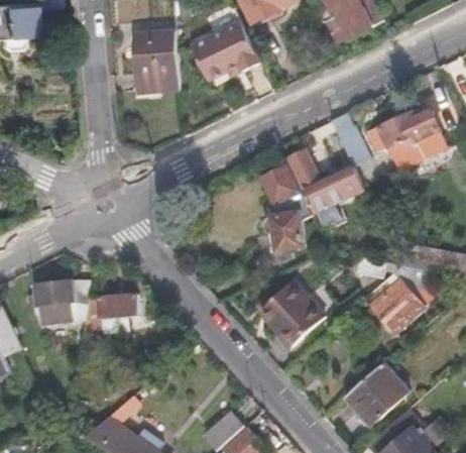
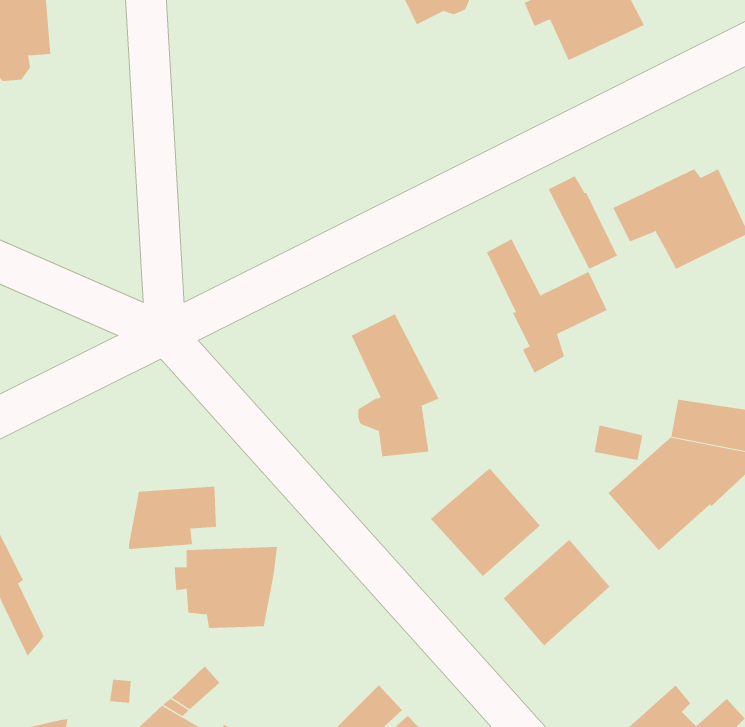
building: [190,21,259,84] -> none
building: [134,29,181,92] -> none
building: [260,163,313,248] -> [351,313,439,457]
building: [26,281,88,330] -> [174,546,278,628]
building: [345,361,409,425] -> [503,539,610,646]

